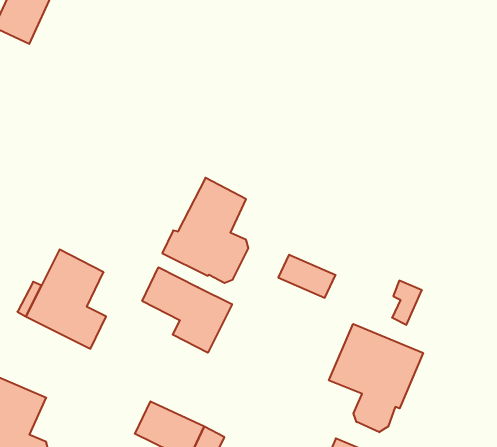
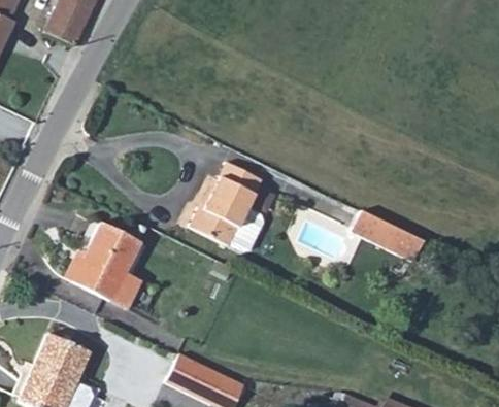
building: [278,255,336,298] -> [352,211,401,248]
building: [142,267,232,353] -> none
building: [329,324,423,432] -> none

